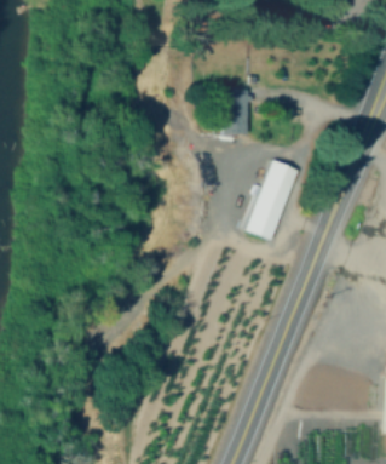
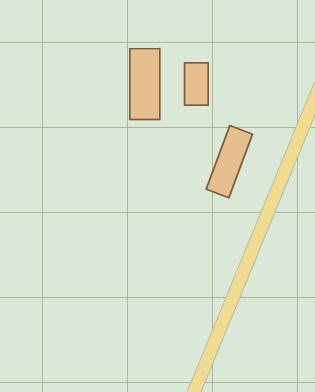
building: none -> [130,48,160,120]

